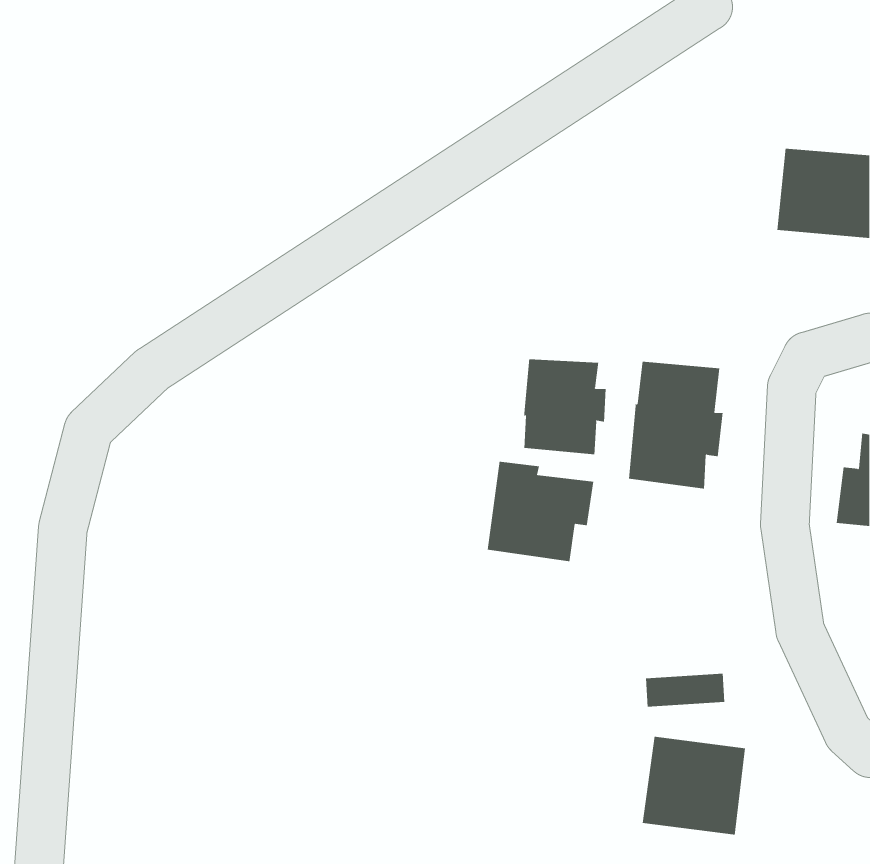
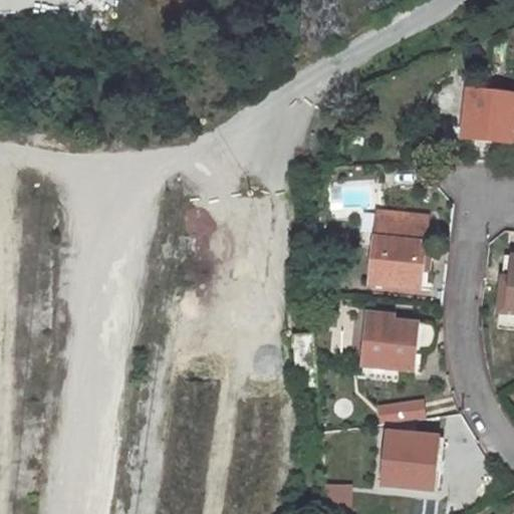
building: [524,359,606,455] -> none
building: [487,461,594,562] -> [361,312,425,371]

